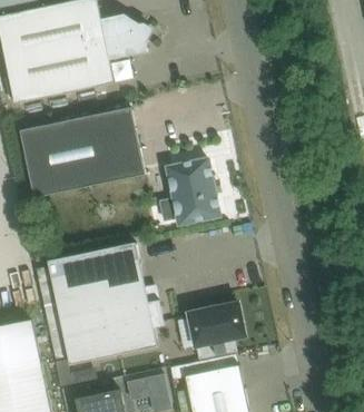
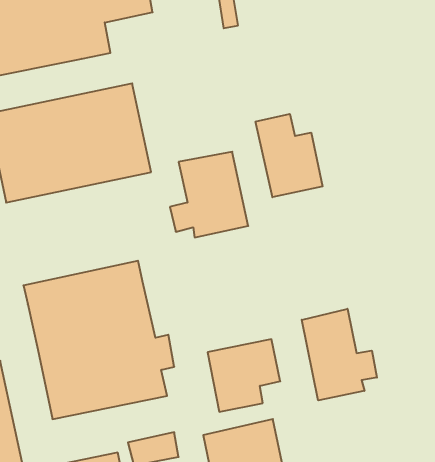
building: none -> [256,114,323,197]
building: none -> [302,309,377,400]

